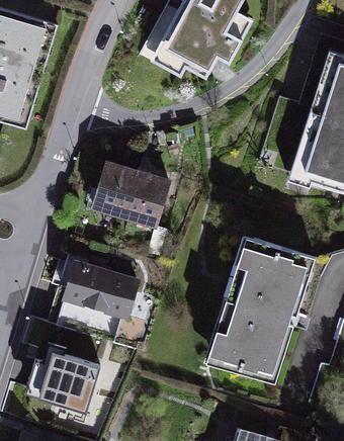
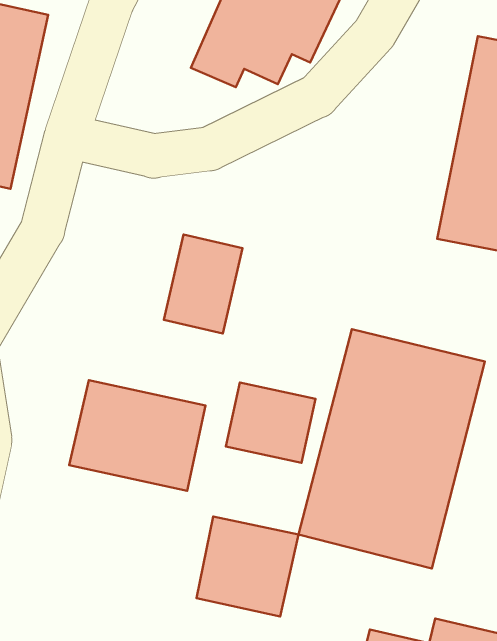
building: [82,157,135,219] -> none
building: none -> [226,382,315,463]
building: [28,349,95,415] -> [196,516,299,617]

